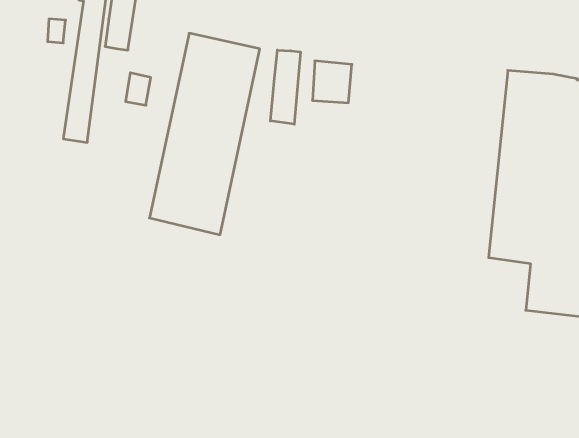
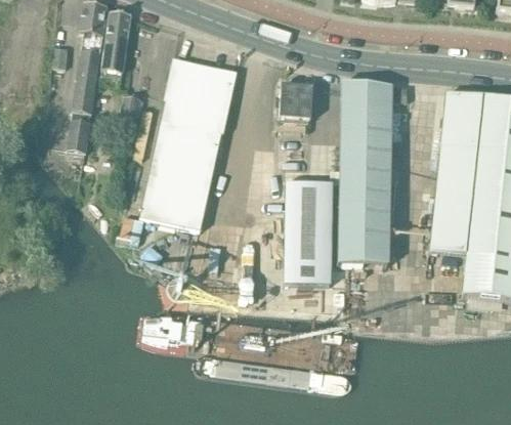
building: [270,50,300,124] -> none
building: none -> [337,78,408,263]
building: none -> [284,178,332,281]

